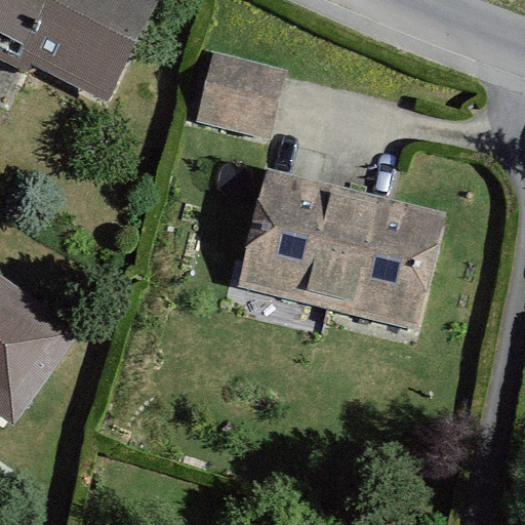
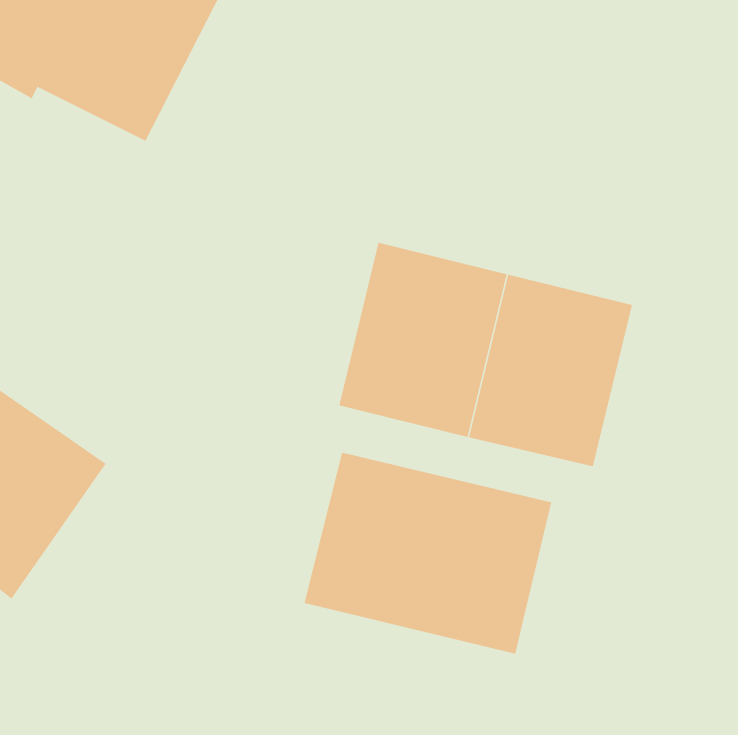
building: [198,54,282,132] -> none
building: none -> [304,452,552,654]

